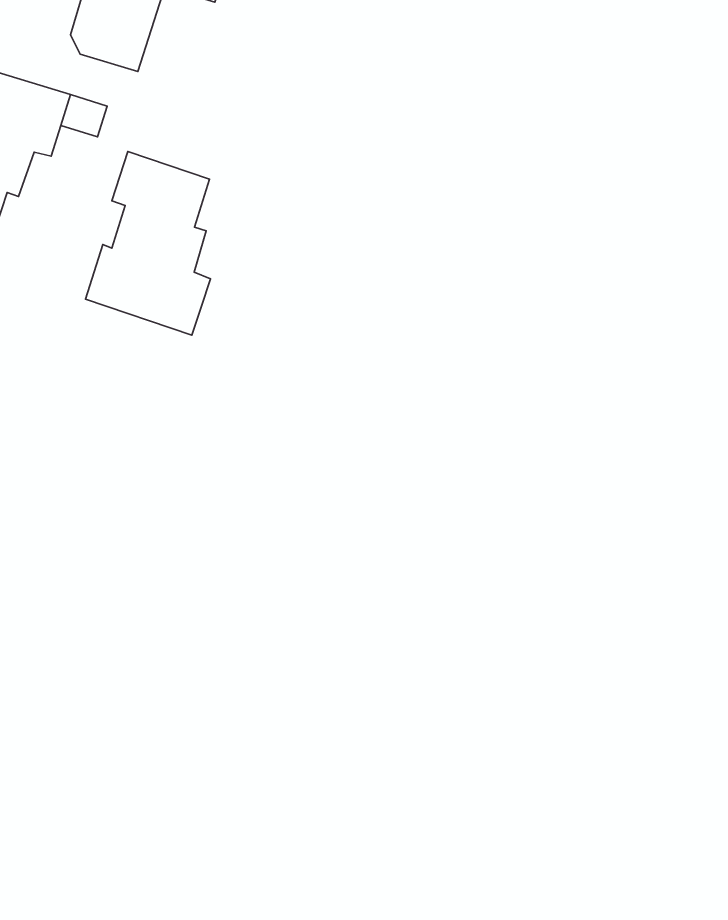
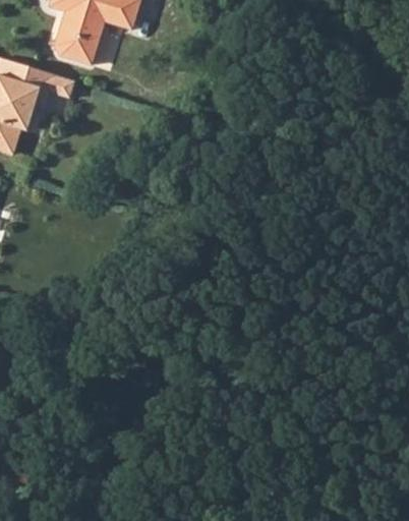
building: [85,151,210,335] -> none

